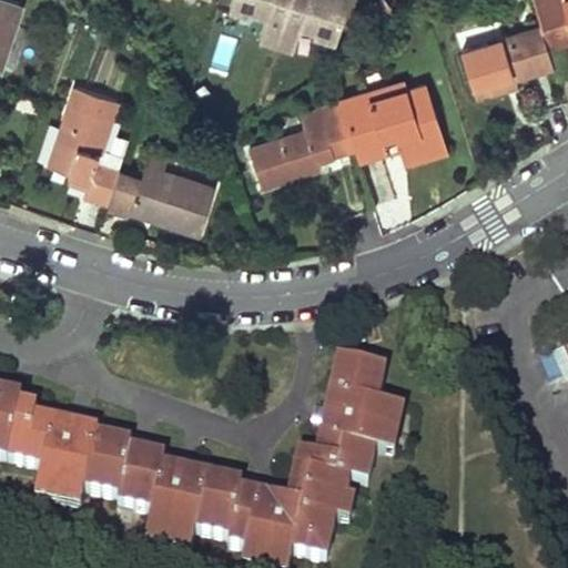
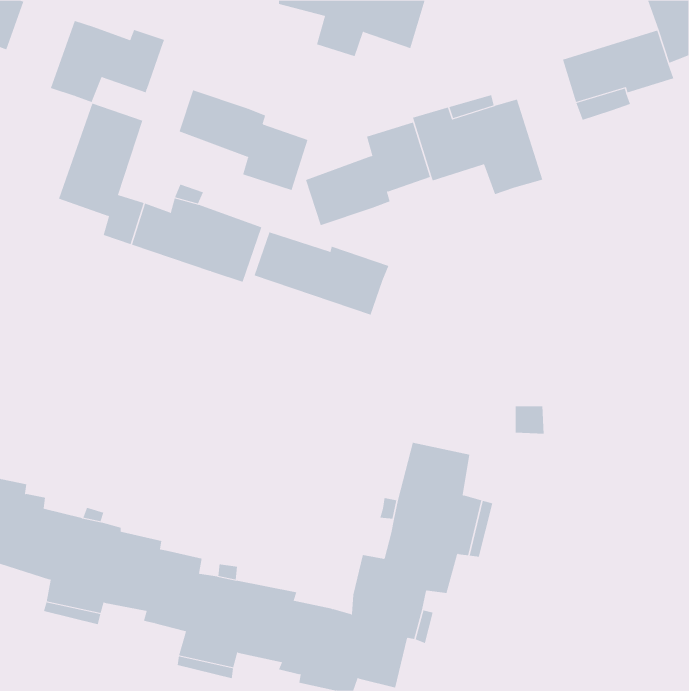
building: none -> [50,20,165,103]
building: none -> [179,89,308,191]
building: none -> [254,231,389,316]

